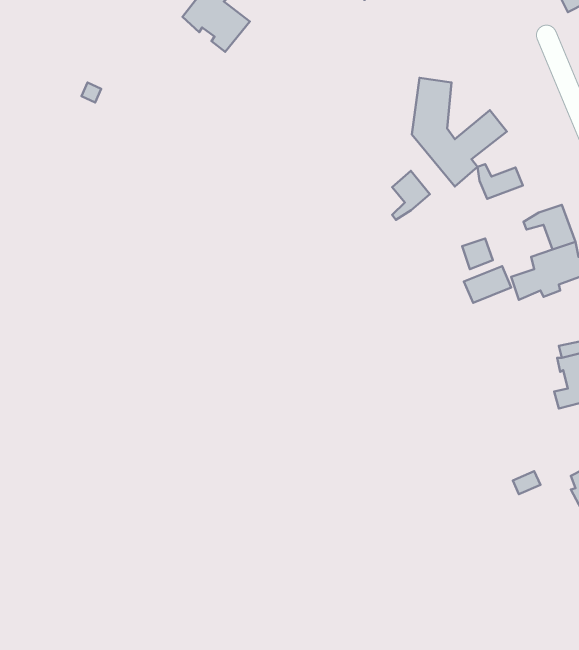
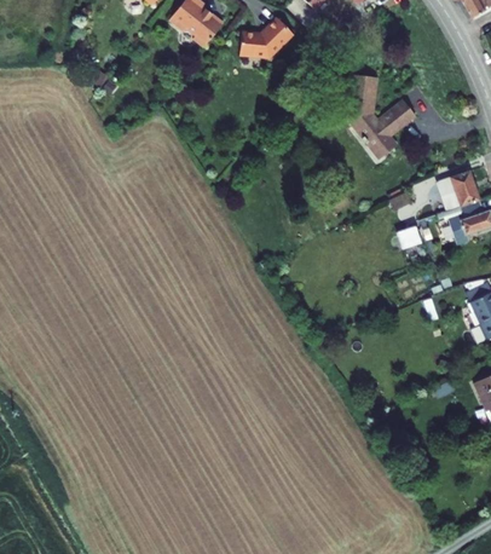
building: none -> [241,18,293,59]
building: [478,164,523,199] -> none
building: [392,171,430,220] -> none

